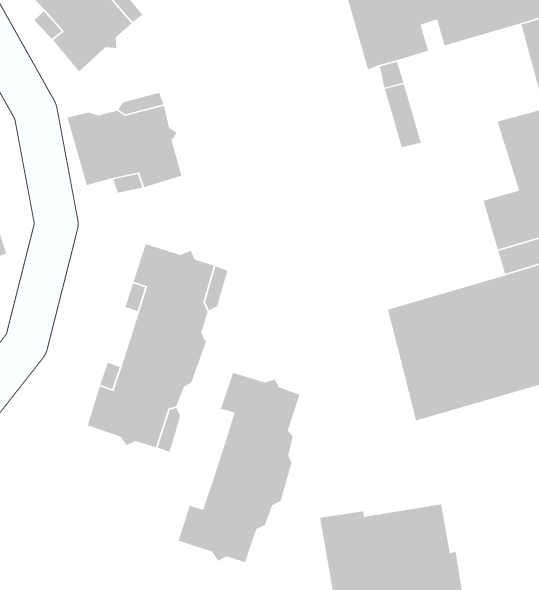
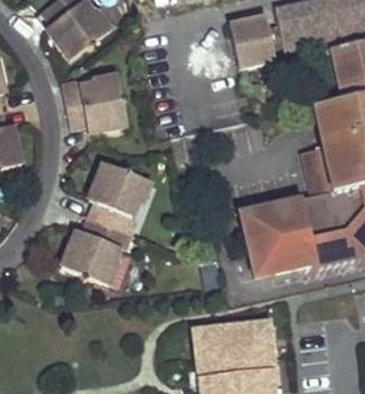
building: [178,372,300,563] -> none

